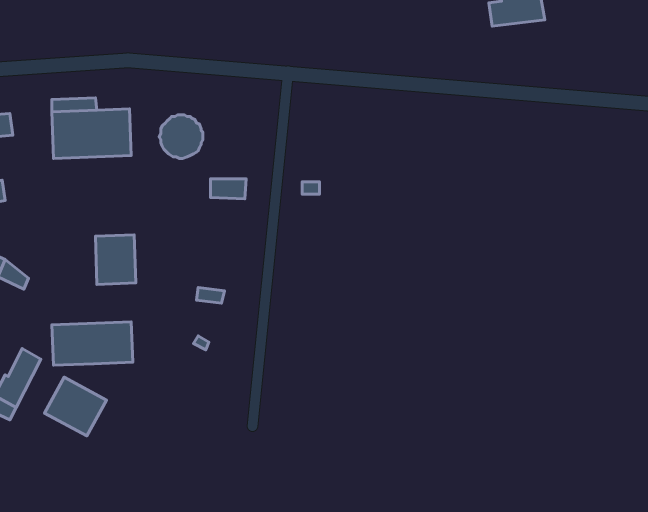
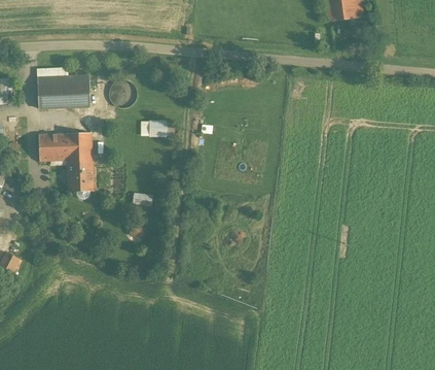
building: [52,322,133,365] -> [38,132,92,161]
building: [44,377,107,436] -> none

